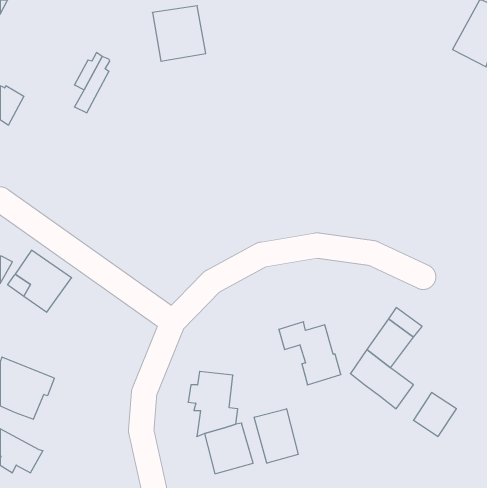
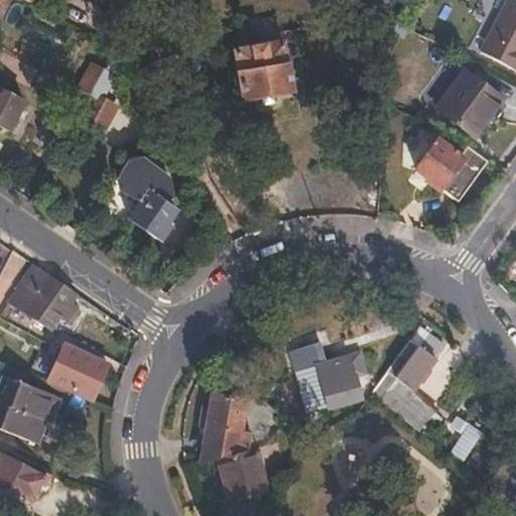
building: [152,6,206,61] -> [238,42,294,101]
building: none -> [438,70,501,134]
building: none -> [416,140,488,203]
building: none -> [120,169,177,241]
building: none -> [49,346,109,399]
building: [254,409,298,463] -> none

